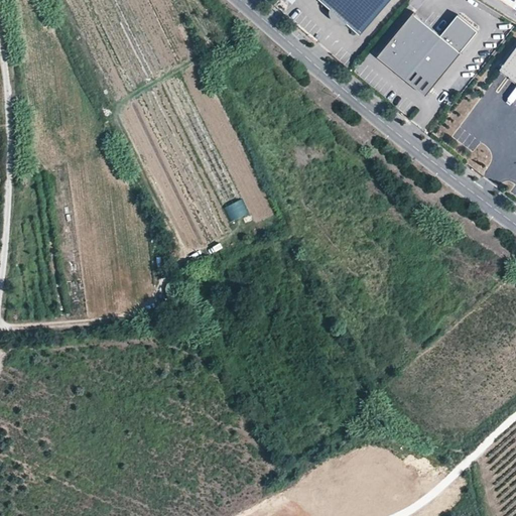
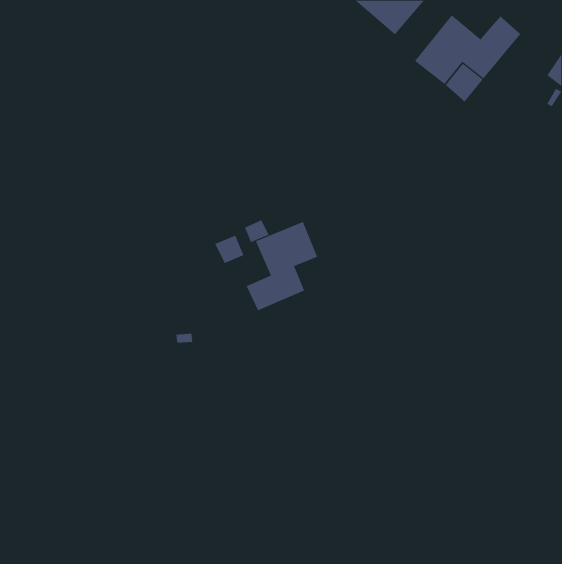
building: none -> [246,221,318,311]
building: none -> [215,235,244,264]

